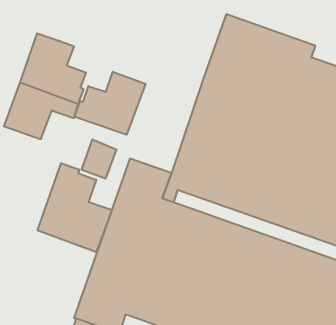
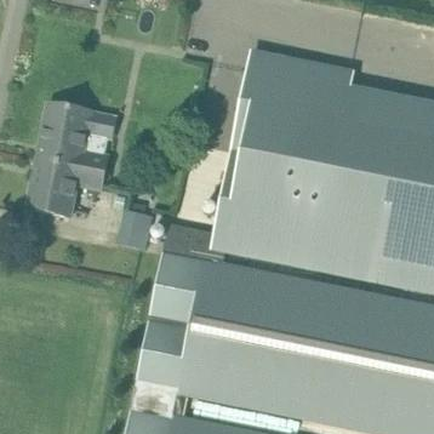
building: [74,72,146,135] -> none
building: [38,163,112,252] -> none

